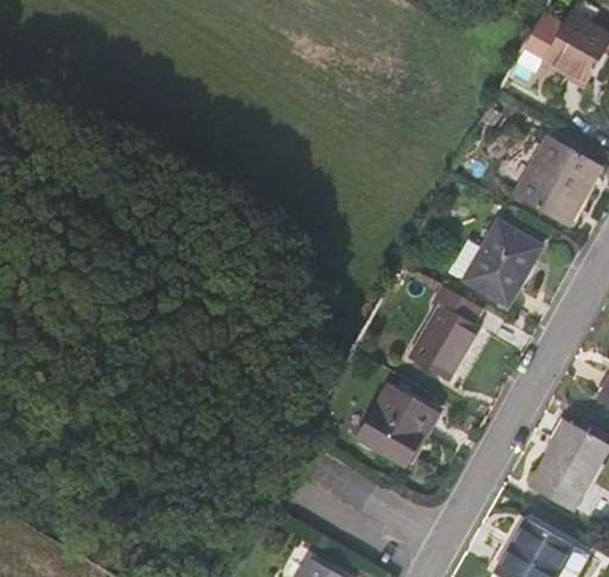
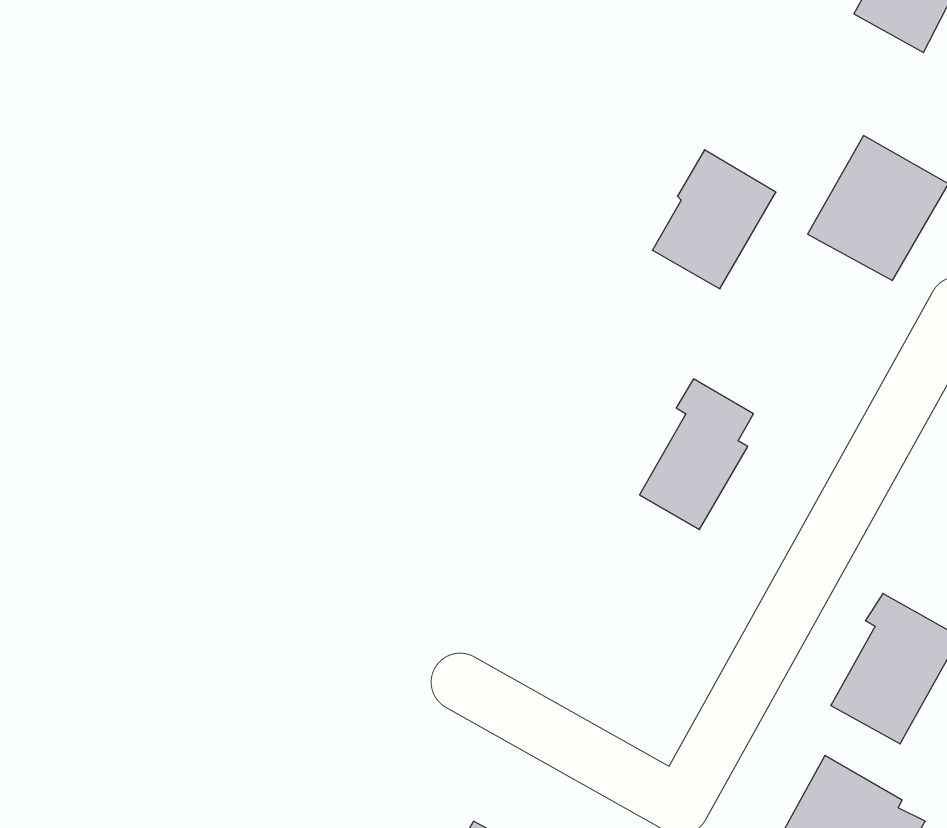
building: [465,220,541,306] -> [652,150,776,289]
building: [358,385,434,464] -> none

